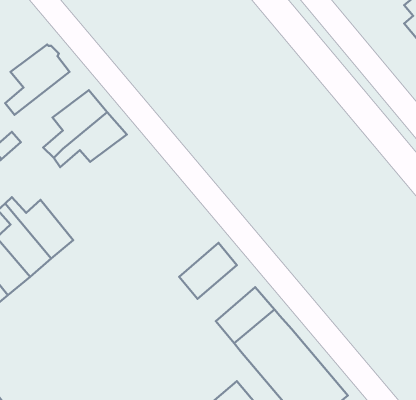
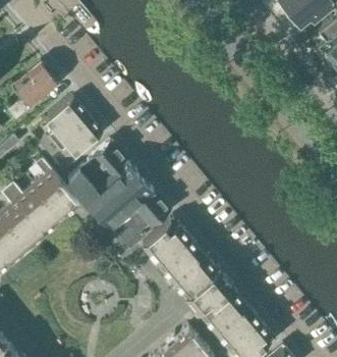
building: none -> [68,142,170,249]
building: none -> [36,159,78,216]
building: none -> [158,236,203,279]

